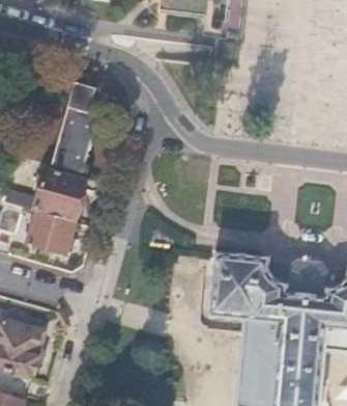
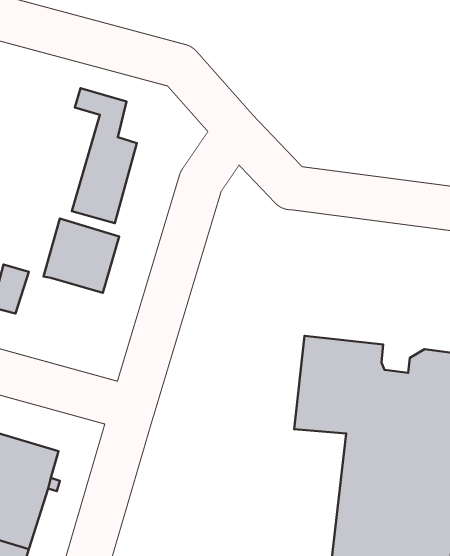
building: [28,210,75,253] -> none

